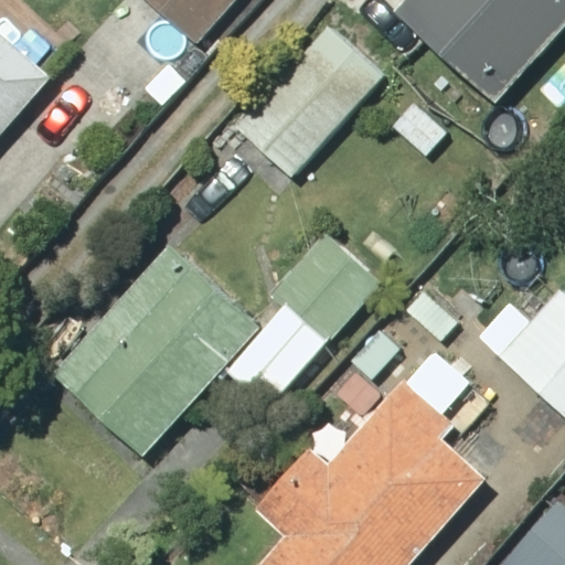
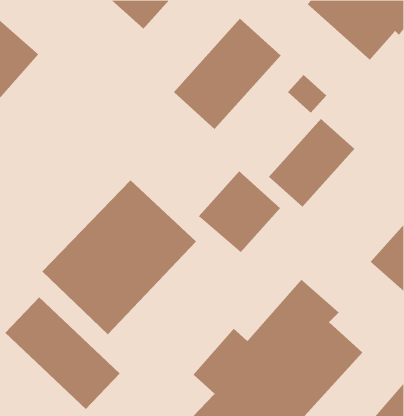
building: none -> [268,118,355,208]
building: none -> [5,297,120,410]

